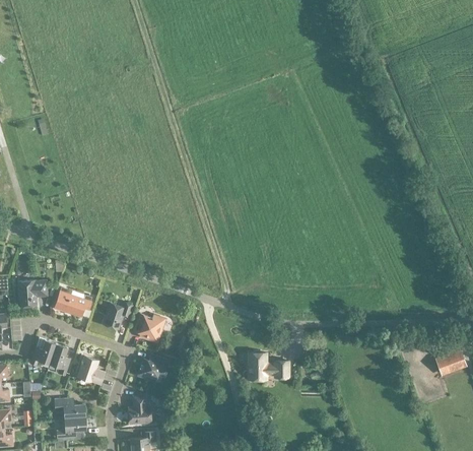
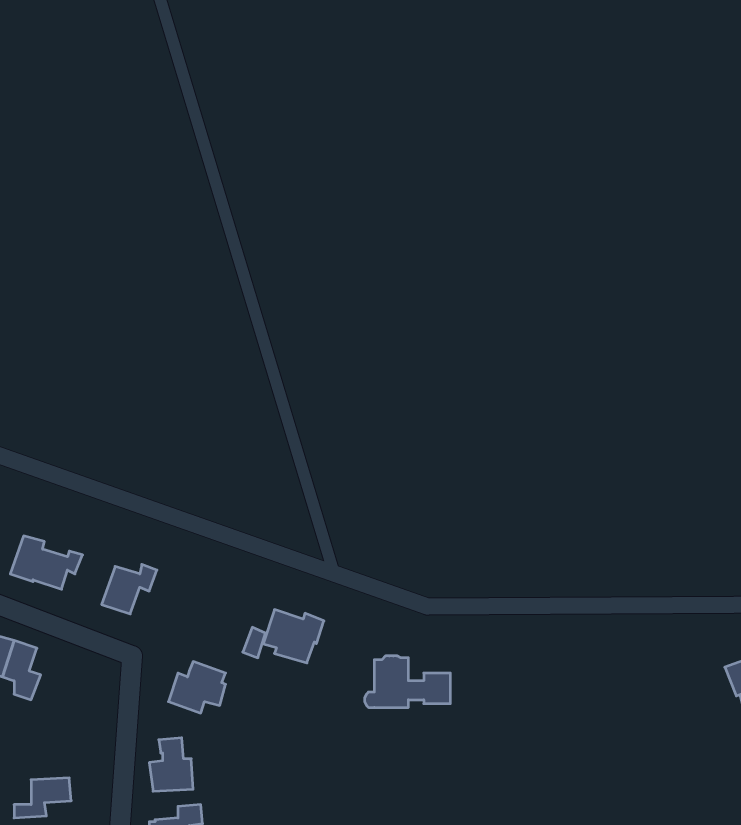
building: [131,312,163,340] -> [263,610,324,663]
building: [76,356,104,383] -> none
building: [54,397,84,416] -> none

